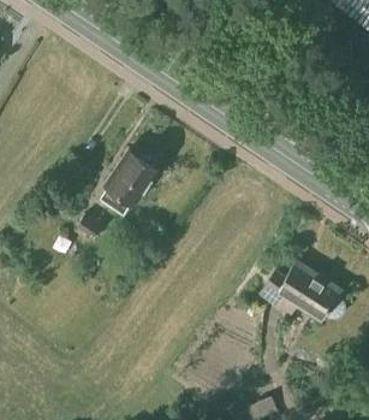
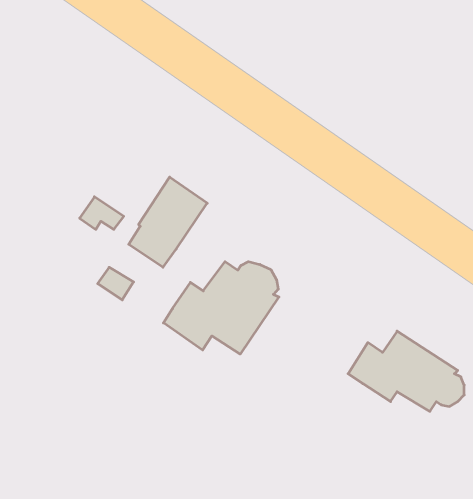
building: none -> [163,262,279,354]

